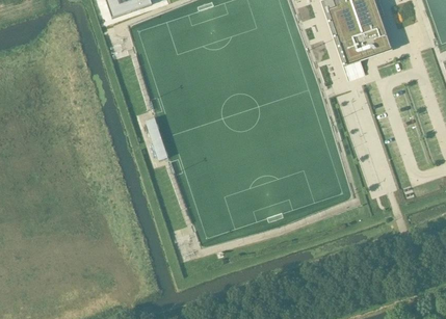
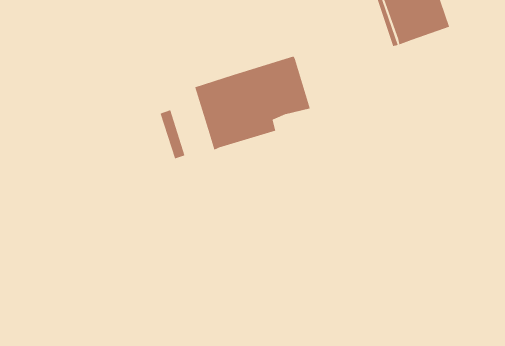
building: none -> [194,56,311,151]

